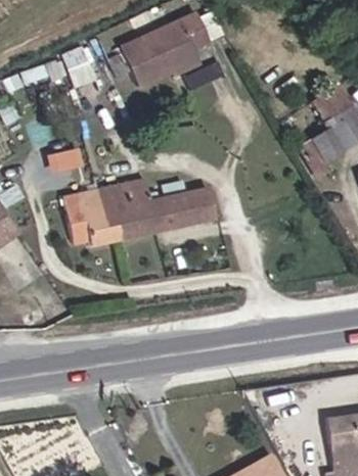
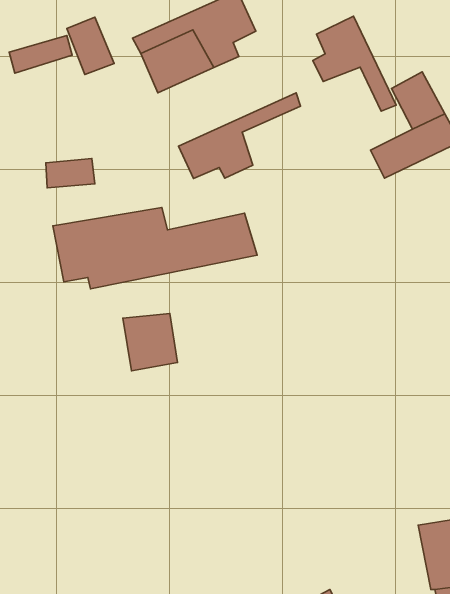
building: none -> [313,16,396,111]
building: none -> [179,93,300,178]
building: none -> [123,314,178,371]

